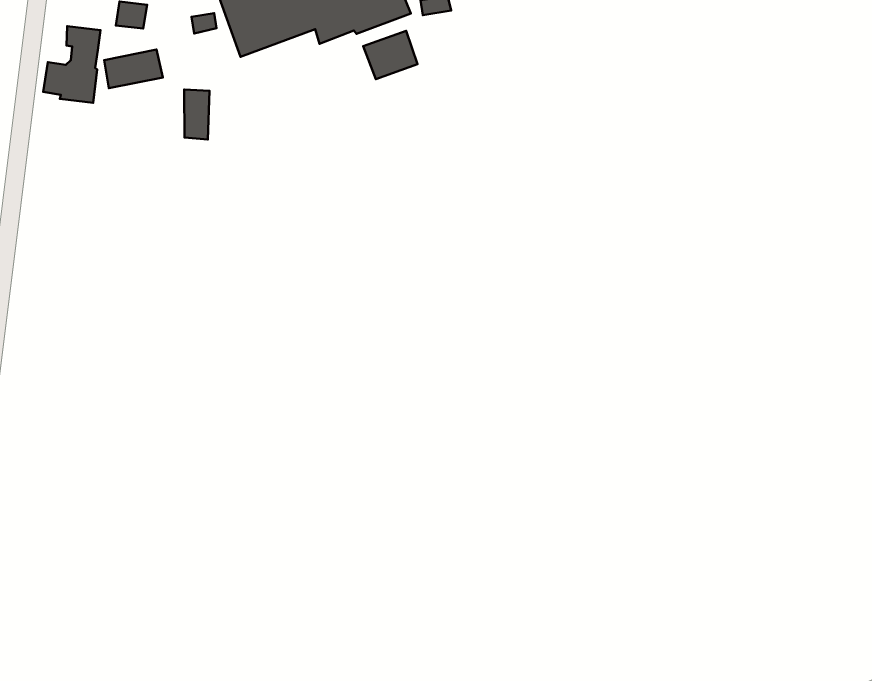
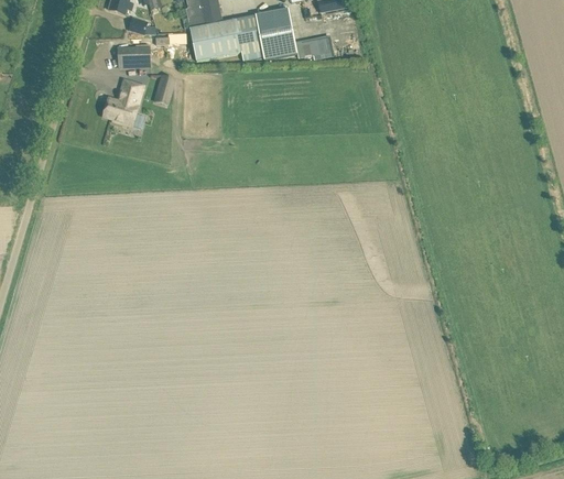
building: [43,26,100,103] -> [104,79,142,126]
building: [363,31,417,79] -> none

